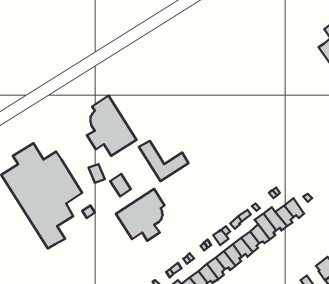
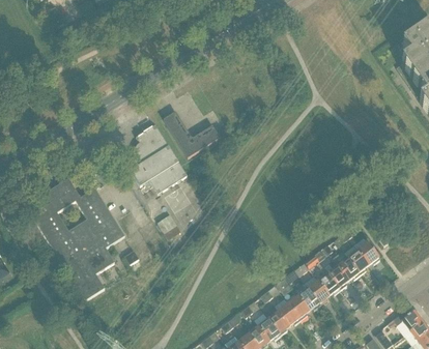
building: [139,141,189,181] -> [163,110,220,156]
building: [116,189,165,241] -> none

